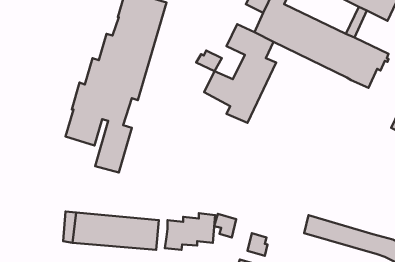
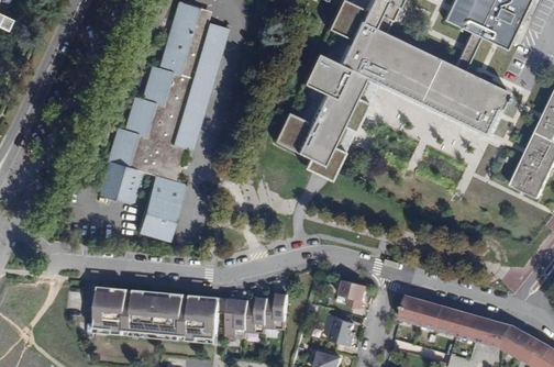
building: [196,51,222,71] -> none
building: [214,214,236,237] -> [341,279,368,309]

